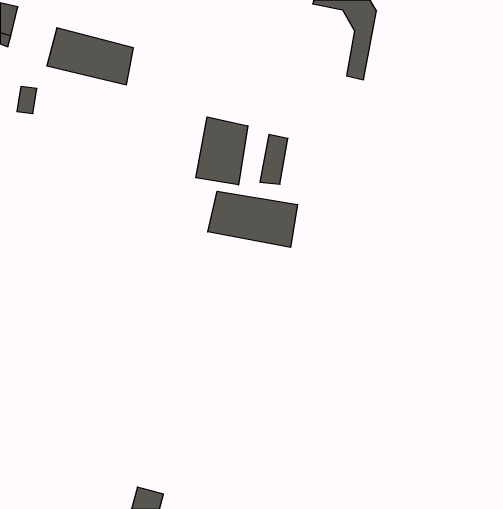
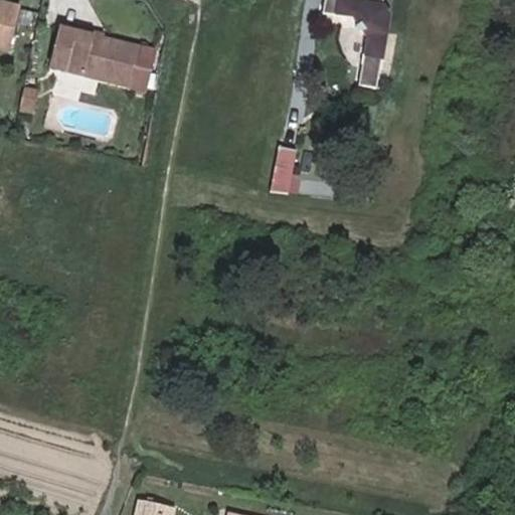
building: [196,117,248,185] -> none
building: [208,191,297,247] -> none

